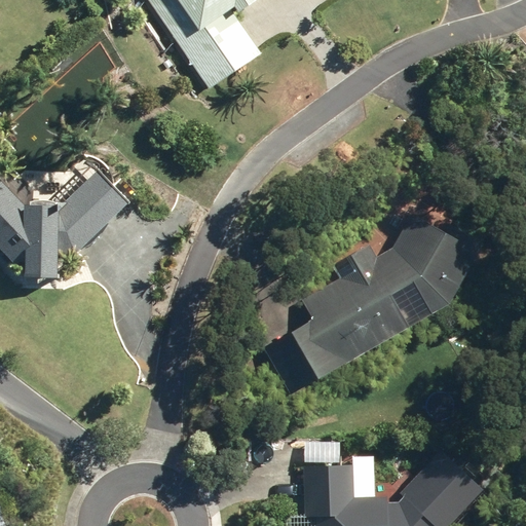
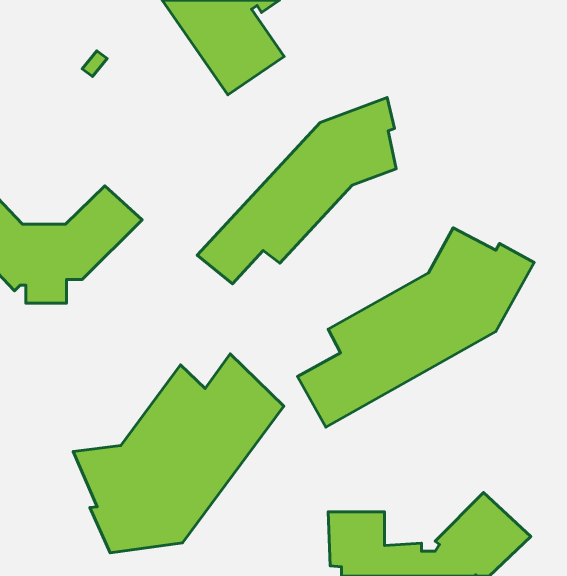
building: none -> [197,97,396,284]
building: none -> [73,354,284,553]

